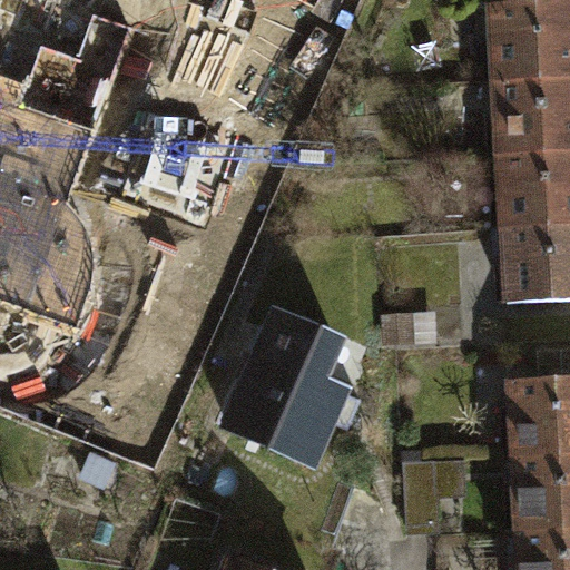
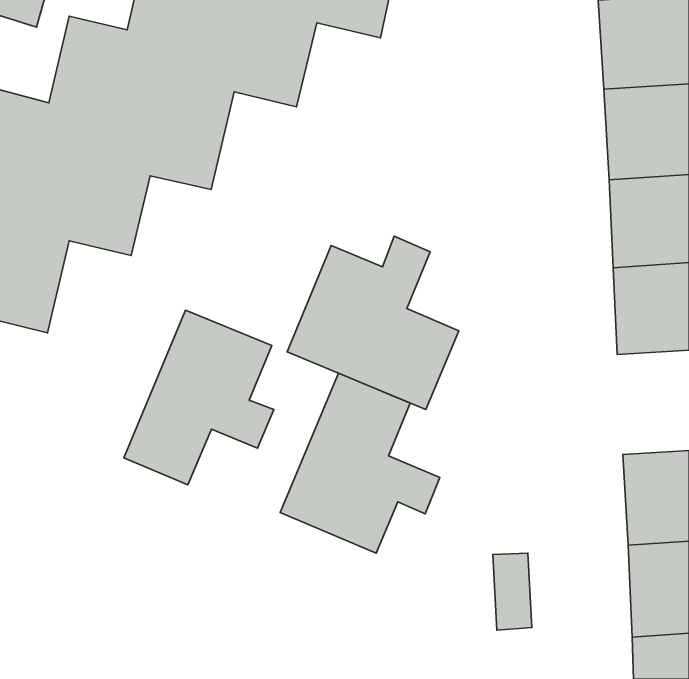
building: none -> [287,236,459,410]
building: none -> [124,310,274,485]

